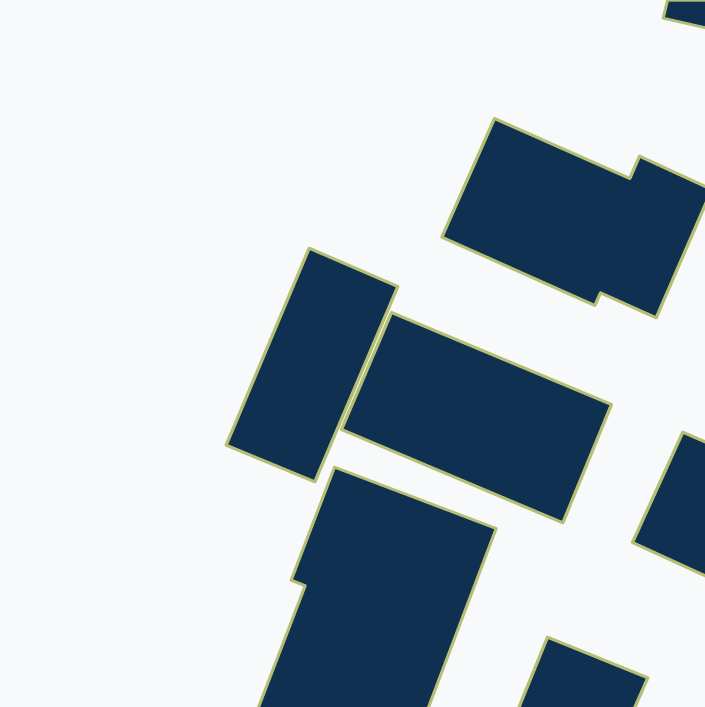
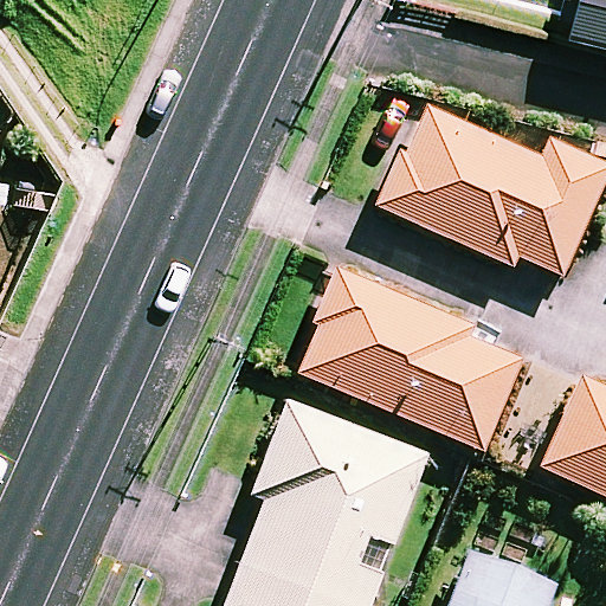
building: [226,248,398,482] -> none

